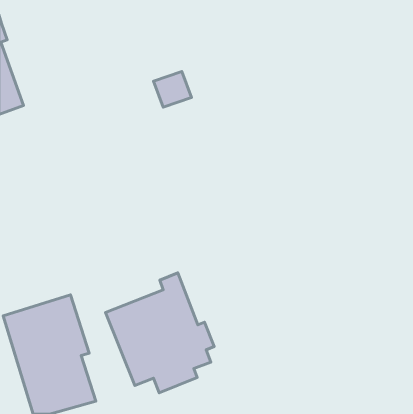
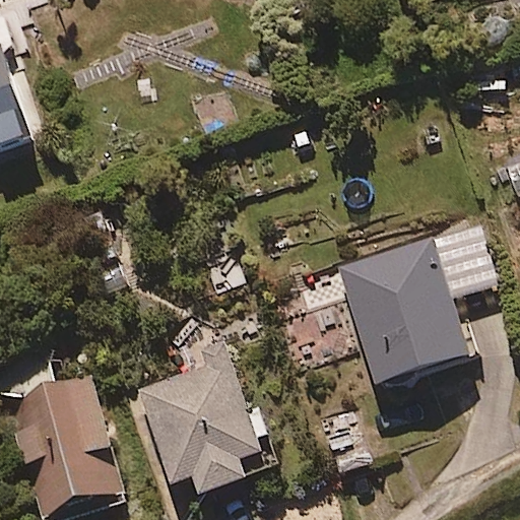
building: none -> [339,231,499,391]

